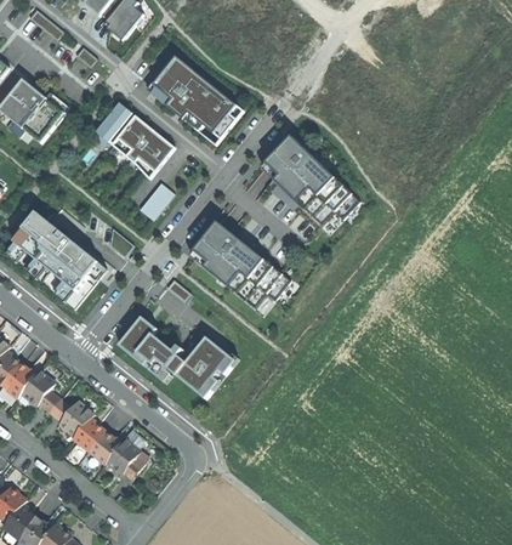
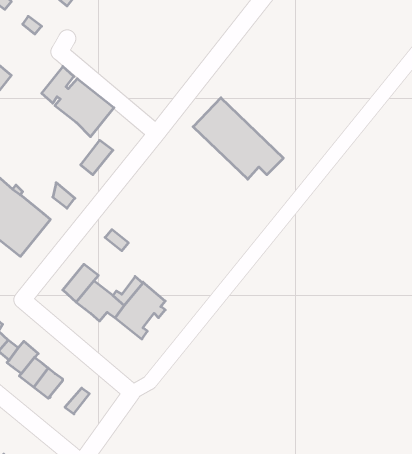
building: [146,53,243,143] -> none
building: [190,221,289,306] -> none
building: [104,437,140,472] -> none

